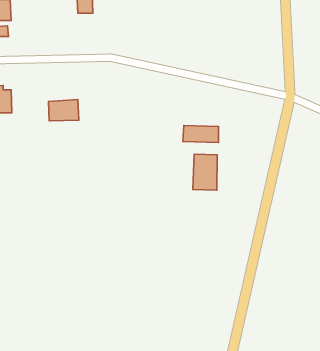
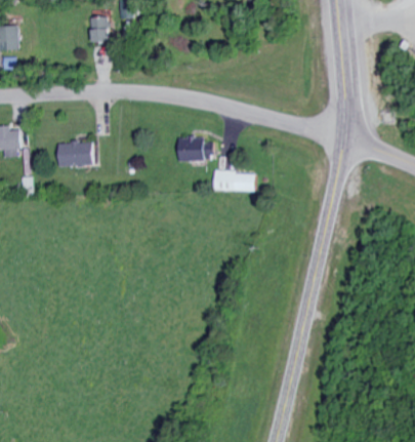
building: none -> [178,136,204,161]
building: [193,154,217,190] -> none

